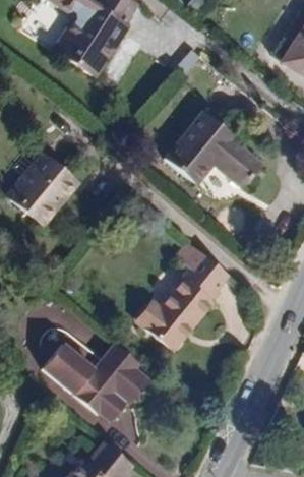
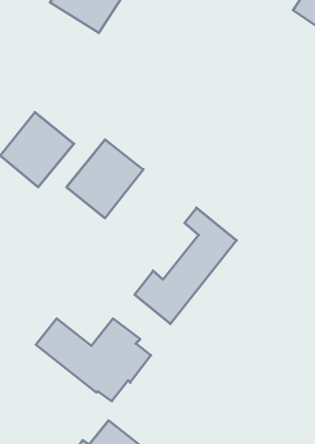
building: [167,109,266,186] -> none
building: none -> [67,140,143,218]

